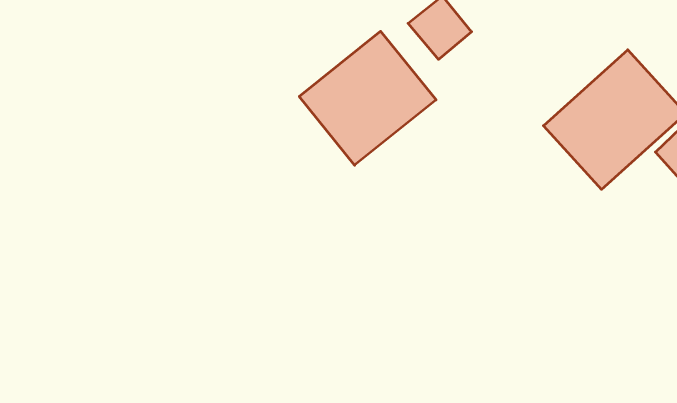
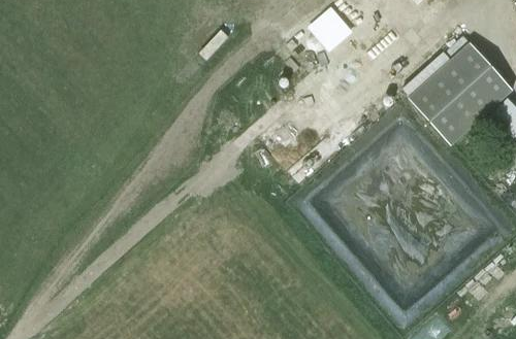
building: [299,31,436,165] -> none

